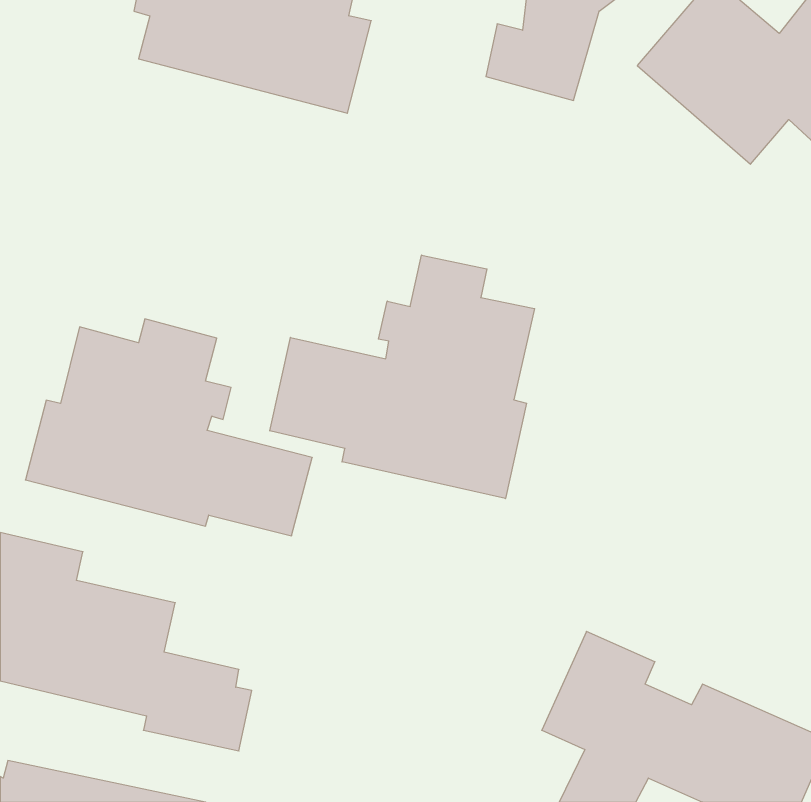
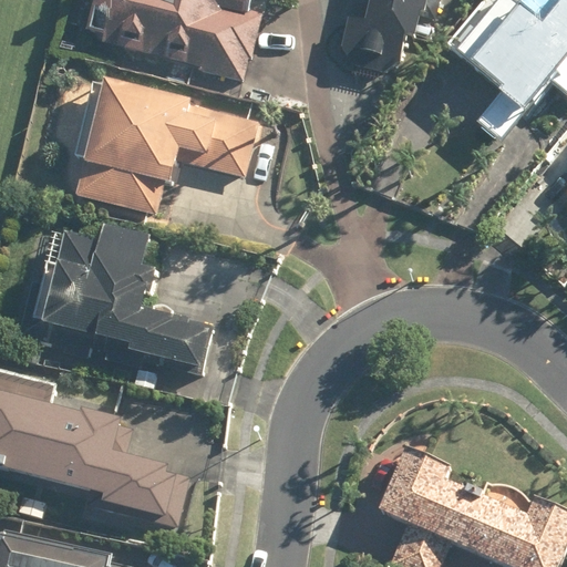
building: none -> [52,73,261,215]
building: [270,255,535,499] -> none

